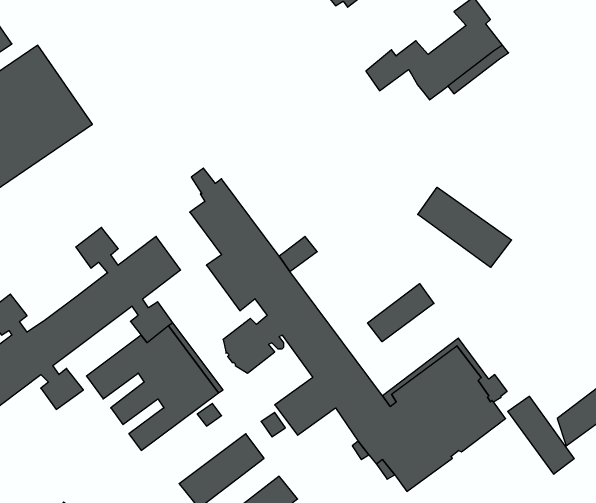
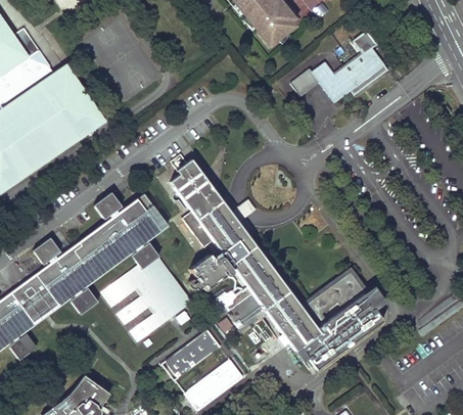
building: [418,187,512,267] -> none
building: [368,284,434,342] -> none
building: [508,396,574,474] -> none

